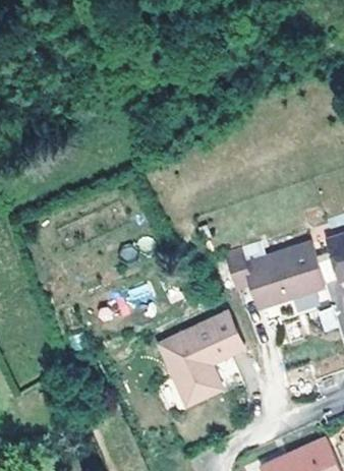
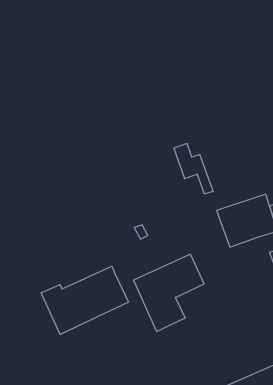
building: [226,252,271,309] -> [174,144,213,194]
building: none -> [41,266,129,334]

